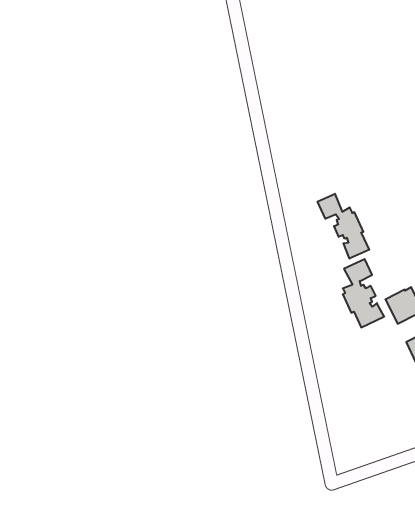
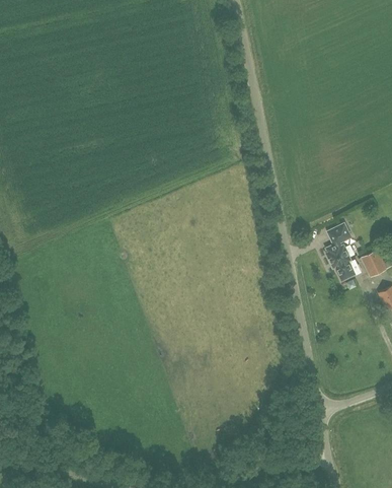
building: [318,194,369,259] -> none

